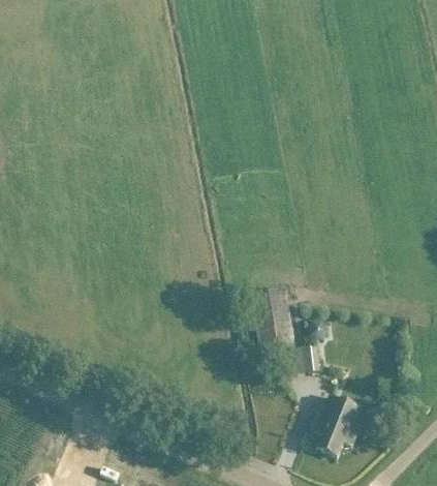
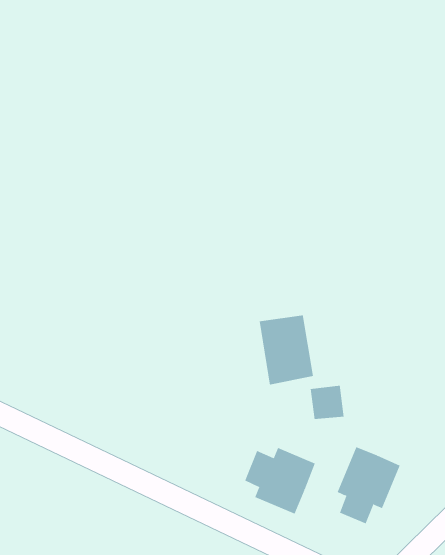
building: none -> [244,447,316,514]

